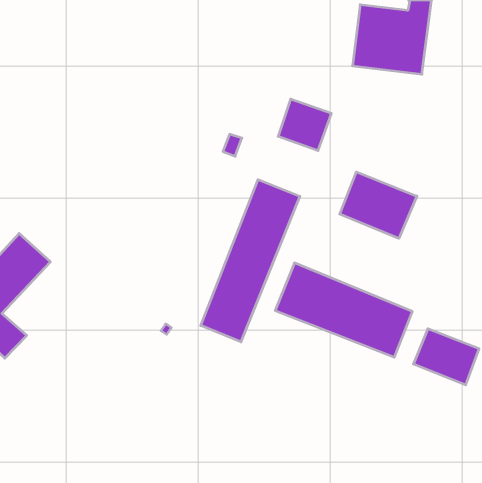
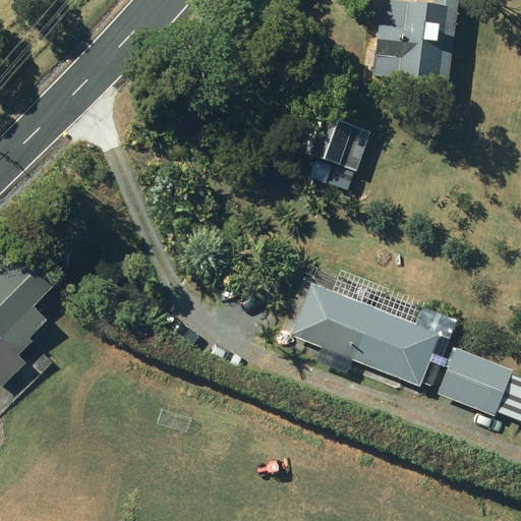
building: [340,172,417,238] -> none
building: [201,180,300,342] -> none

